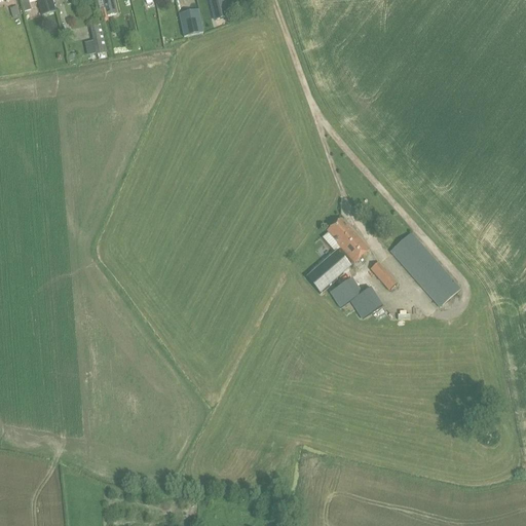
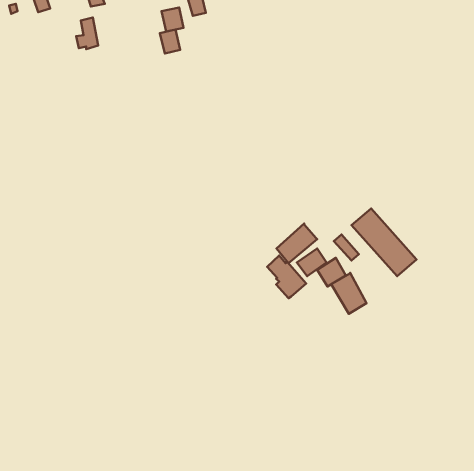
building: none -> [160,30,180,53]
building: [327,217,370,264] -> [267,256,306,298]
building: none -> [331,273,367,314]

